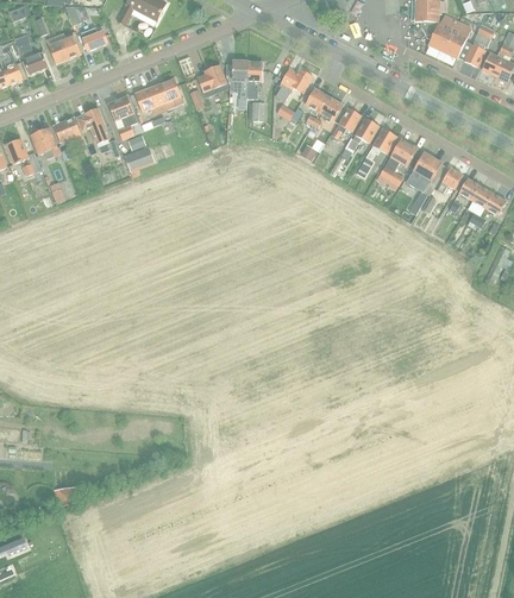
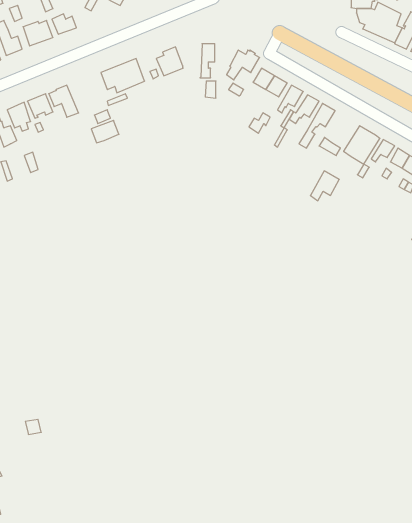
building: [225,61,247,97] -> none
building: [107,95,138,139] -> none
building: [384,138,416,171] -> [310,171,339,201]

